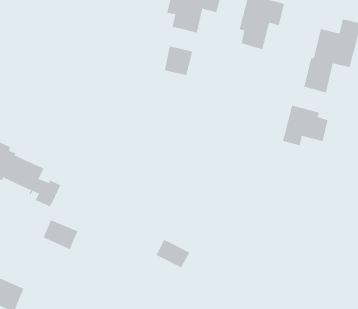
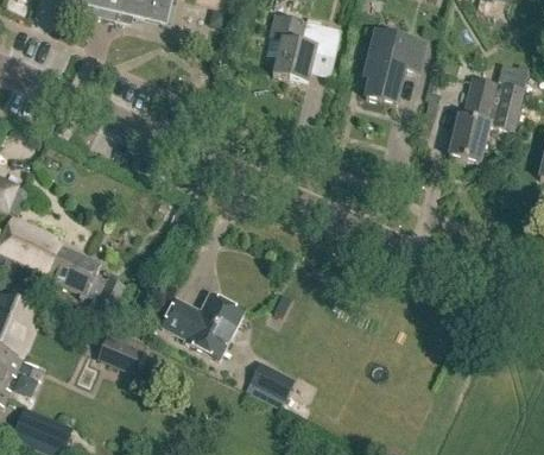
building: [164,46,193,76] -> none
building: [283,105,328,146] -> none
building: none -> [162,293,243,358]

